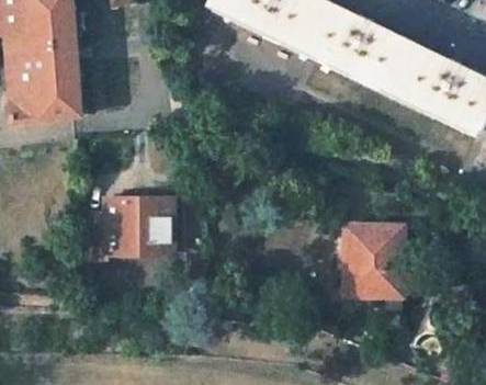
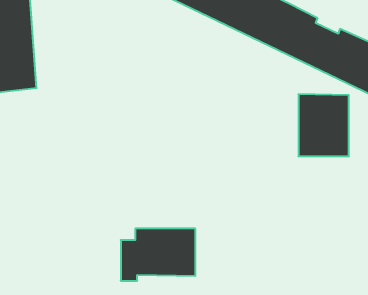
building: [88,200,172,259] -> [121,229,195,281]
building: [347,226,404,296] -> [298,94,349,156]

